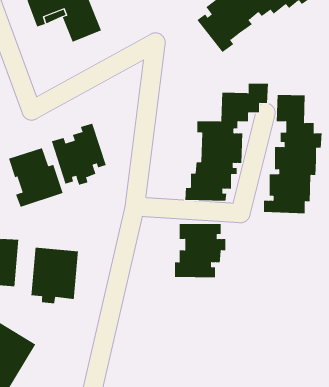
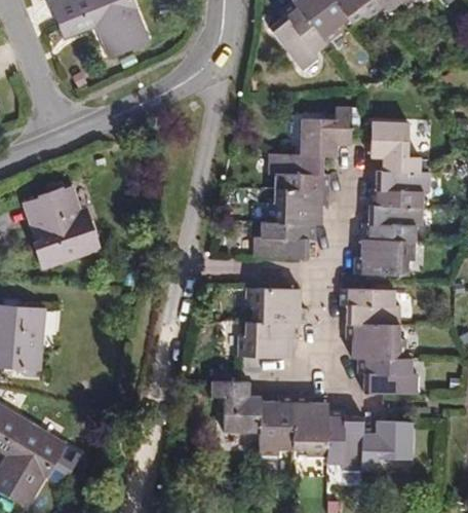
building: [51,123,107,186] -> none
building: none -> [340,289,418,395]
building: [31,247,78,304] -> none
building: none -> [211,382,414,469]

